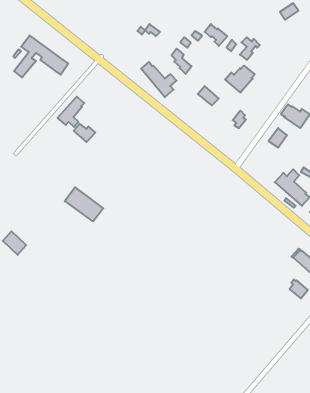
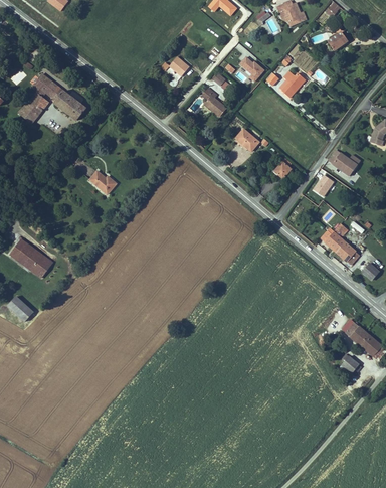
building: [141,62,177,97] -> none
building: [225,66,255,93] -> none
building: [58,97,84,127] -> none
building: [65,187,103,221] -> [9,238,53,278]

